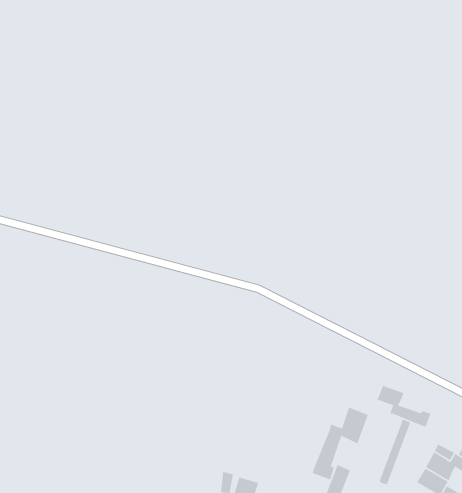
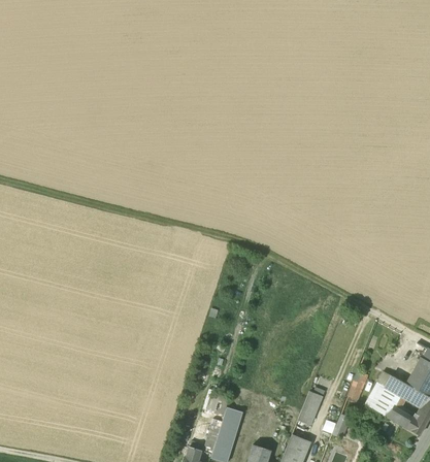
building: [377,385,431,428] -> none
building: [311,406,369,480] -> none

